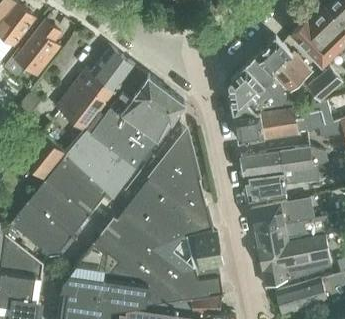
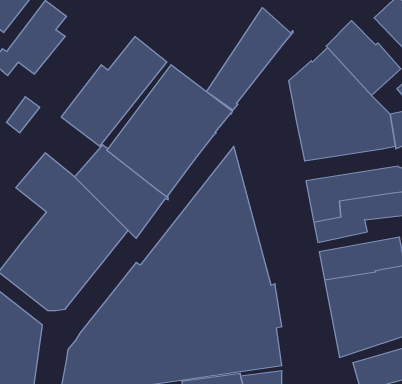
building: none -> [206,8,293,110]

